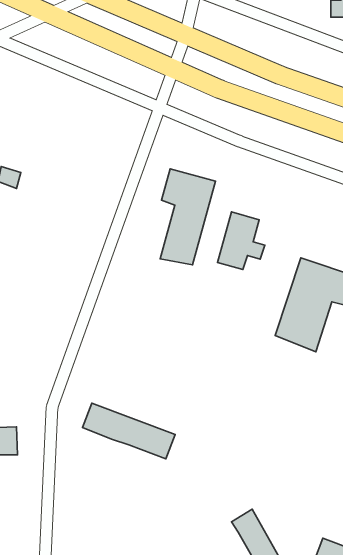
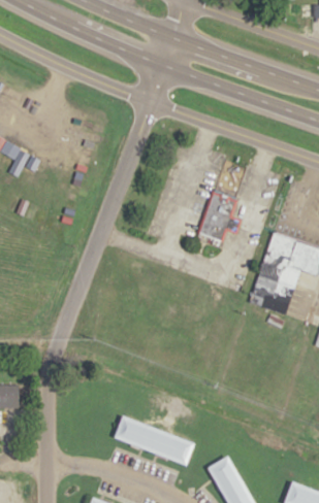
building: [160,169,215,265] -> none
building: [83,403,175,459] -> [115,414,197,464]

